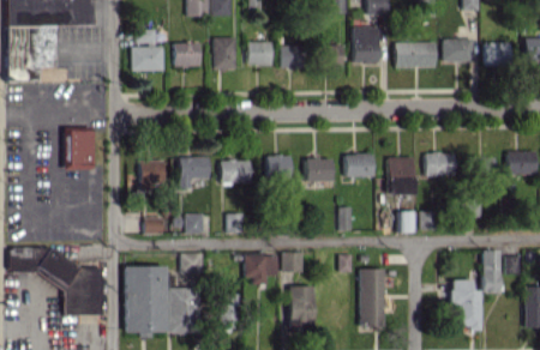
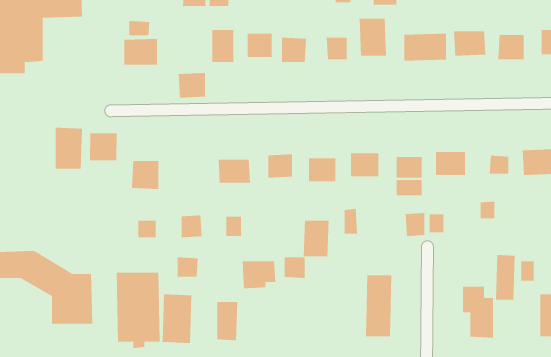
building: [174,42,200,66] -> [178,73,206,98]
building: none -> [90,132,117,161]
building: [180,156,210,188] -> none
building: [289,285,314,320] -> [303,220,329,257]

